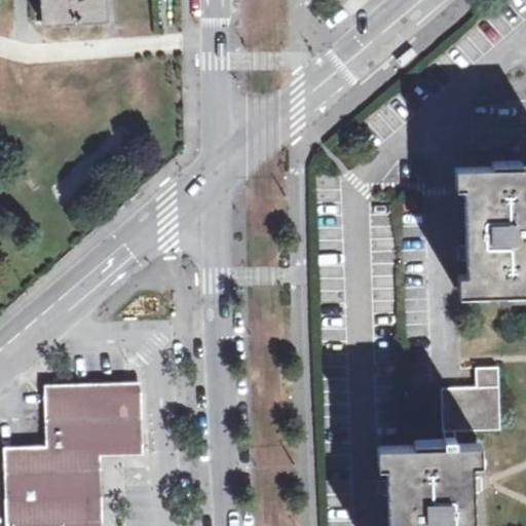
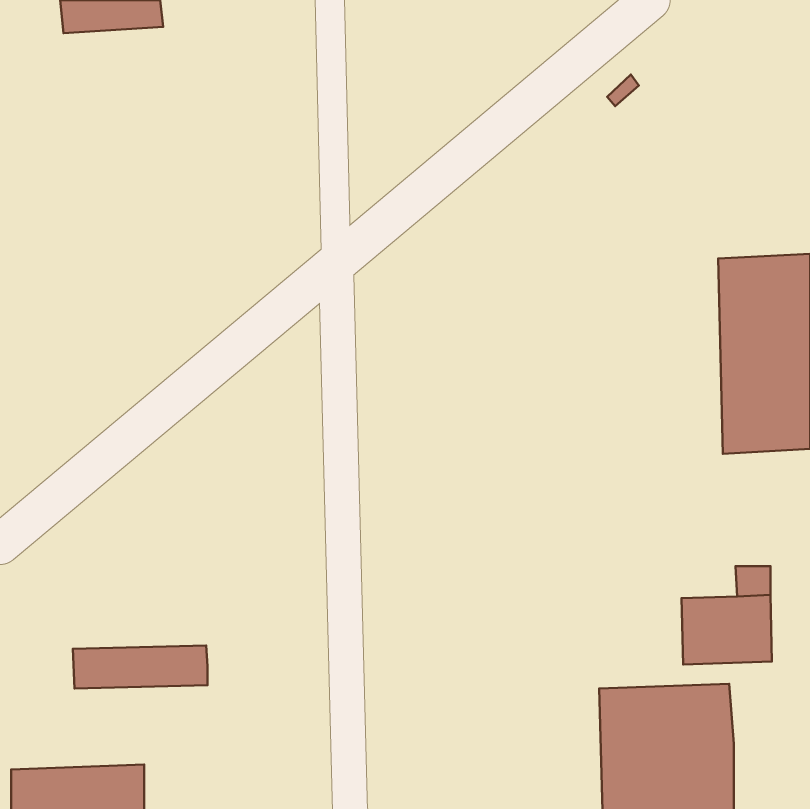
building: [47,391,134,421] -> none
building: [6,446,93,499] -> none

